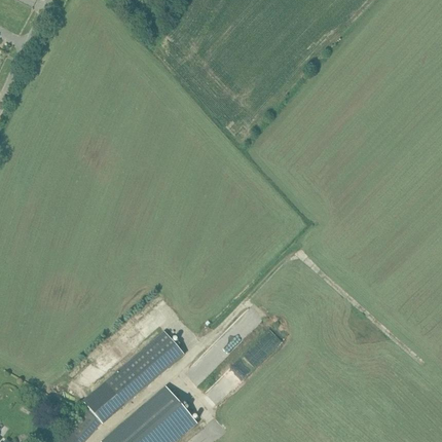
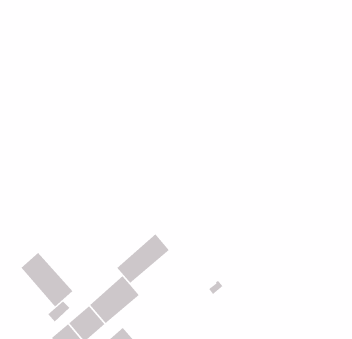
building: none -> [116,233,170,284]
building: none -> [21,252,73,308]

